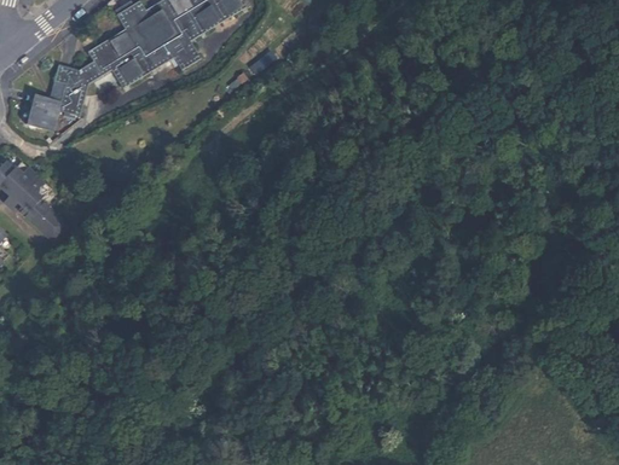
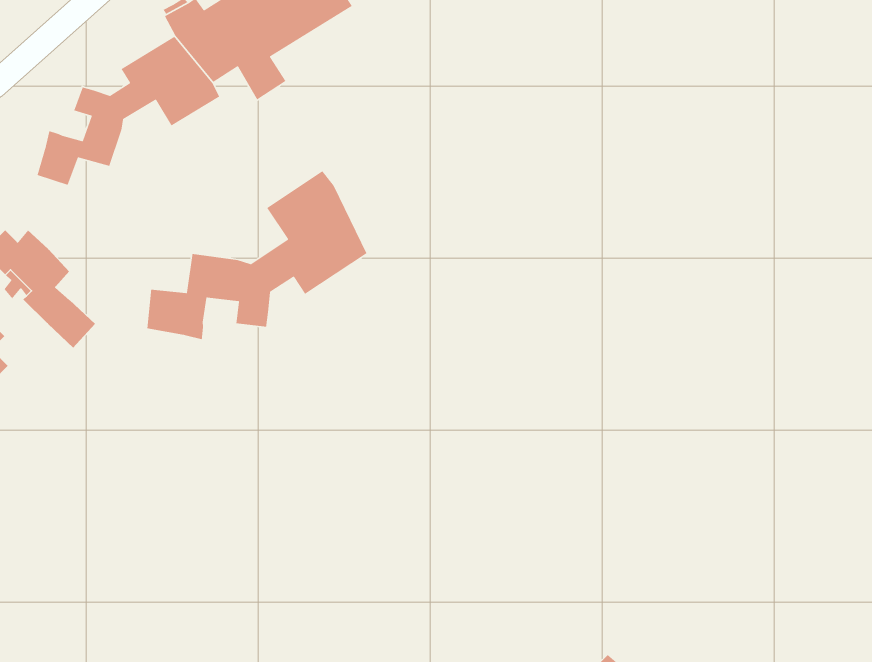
building: none -> [147,170,368,340]

